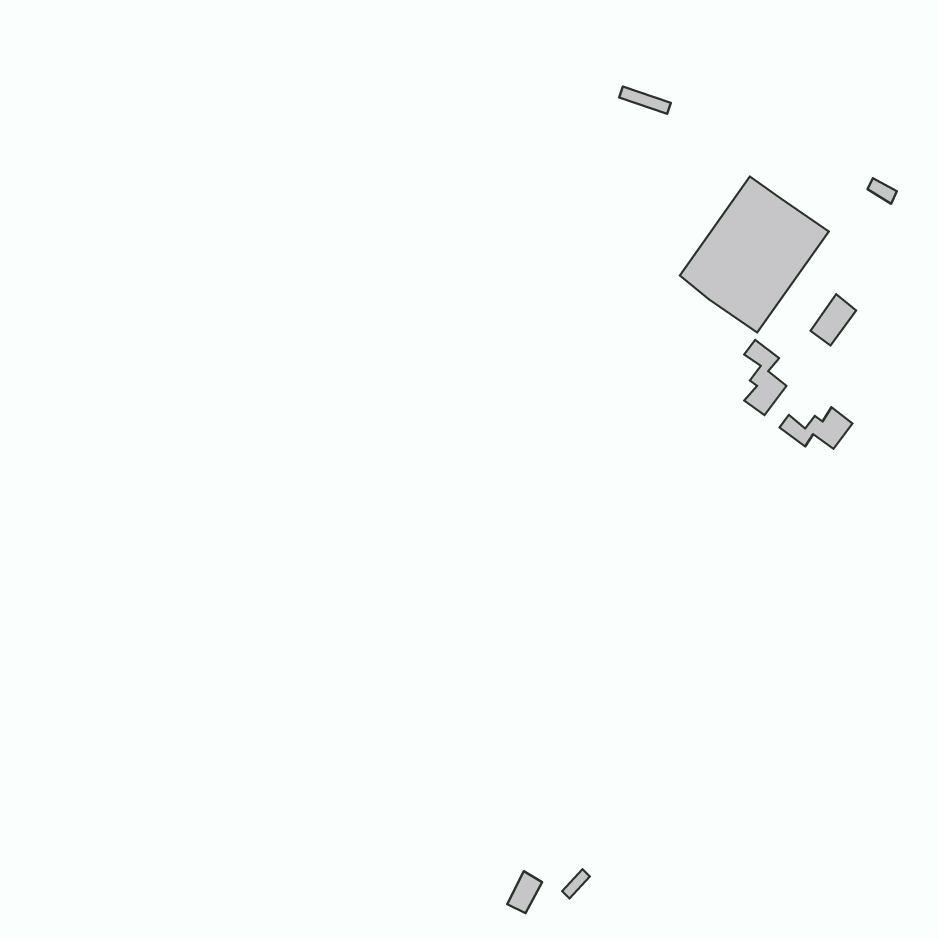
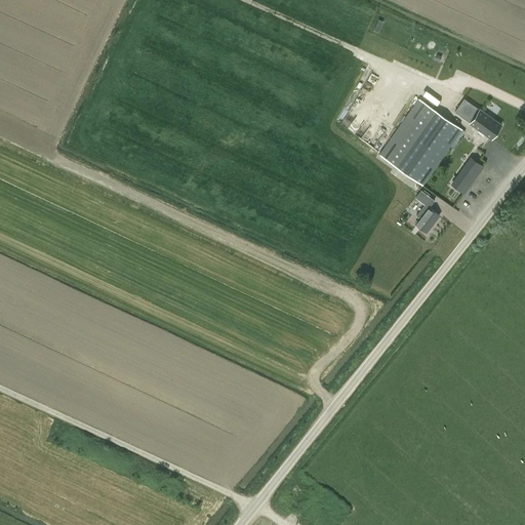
building: none -> [454,98,500,138]
building: [779,407,852,449] -> none

